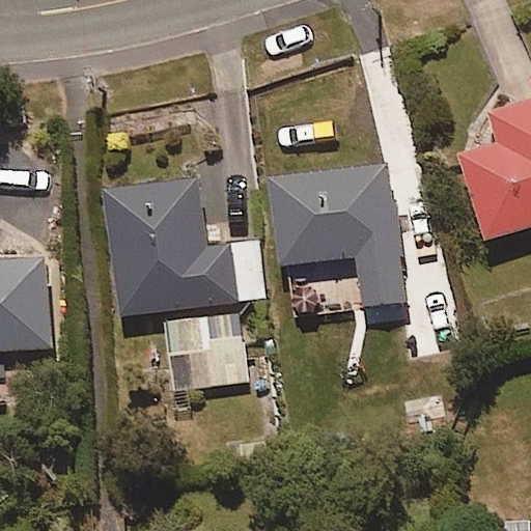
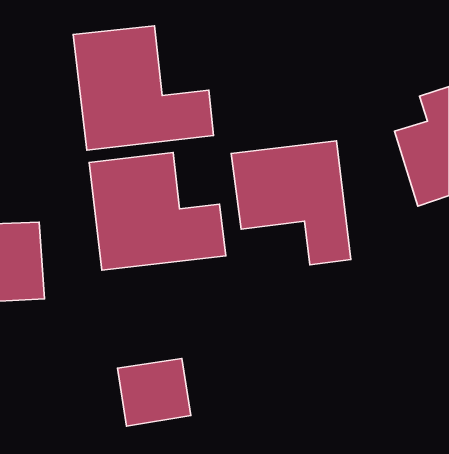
building: none -> [73,26,214,150]
building: [159,315,244,394] -> [118,358,191,426]

